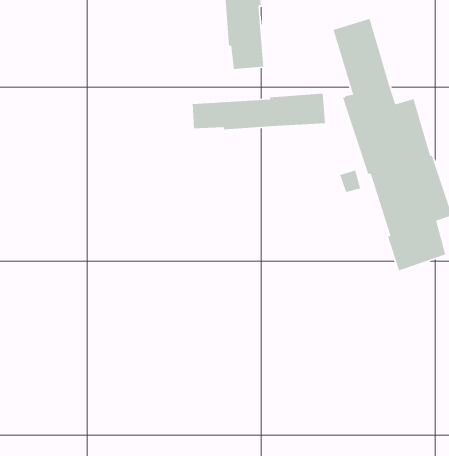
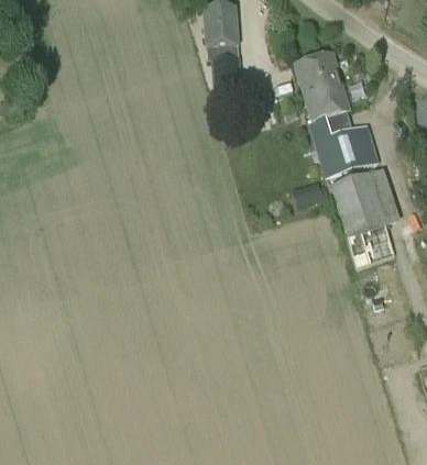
building: [192,93,326,130] -> none

